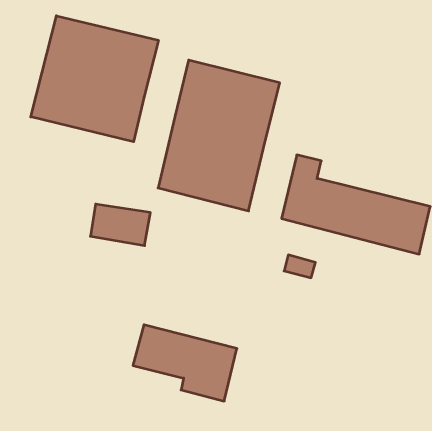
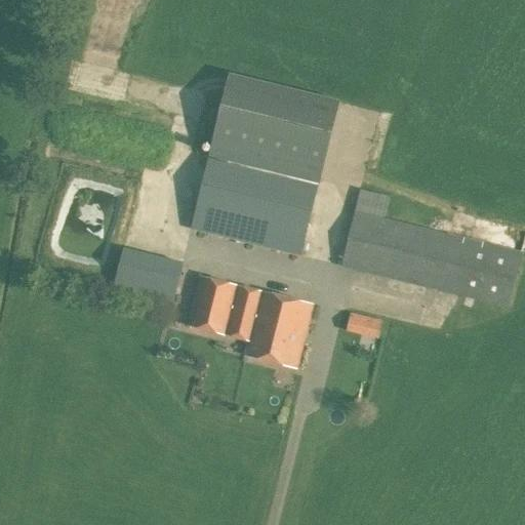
building: [31,16,158,142] -> none
building: [133,325,237,401] -> [187,275,313,367]

